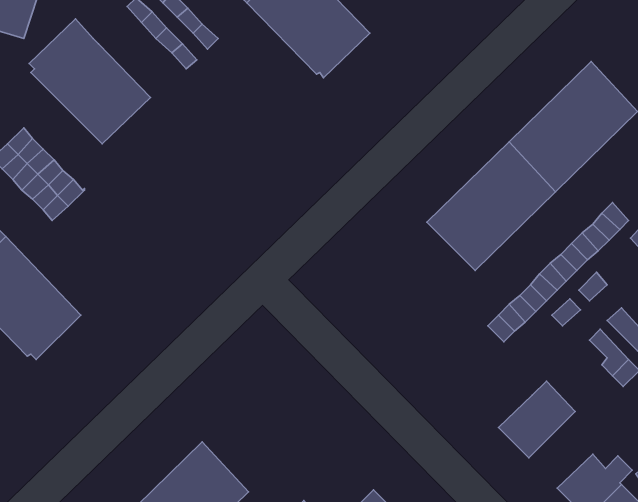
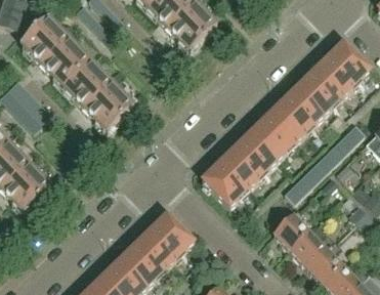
building: none -> [62,60,133,130]
building: none -> [202,132,277,206]
building: none -> [272,209,309,250]
building: none -> [120,212,195,287]
building: none -> [307,241,344,285]

